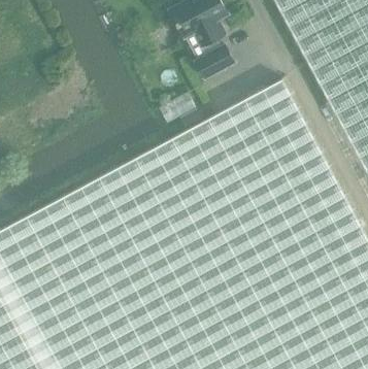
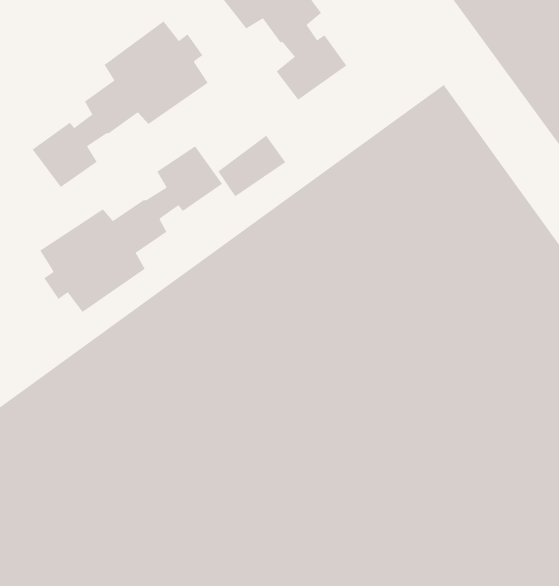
building: none -> [32,21,209,188]
building: none -> [39,146,223,313]

